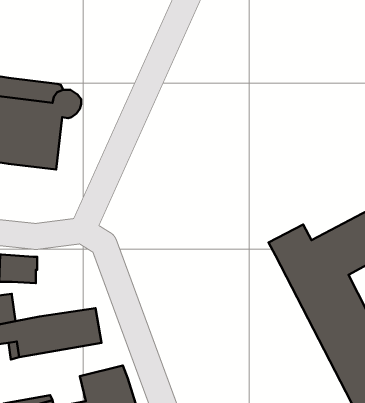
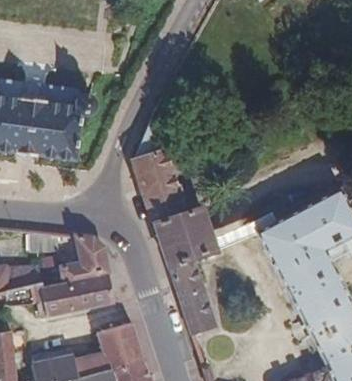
building: none -> [135,114,218,335]
building: none -> [61,234,110,283]

